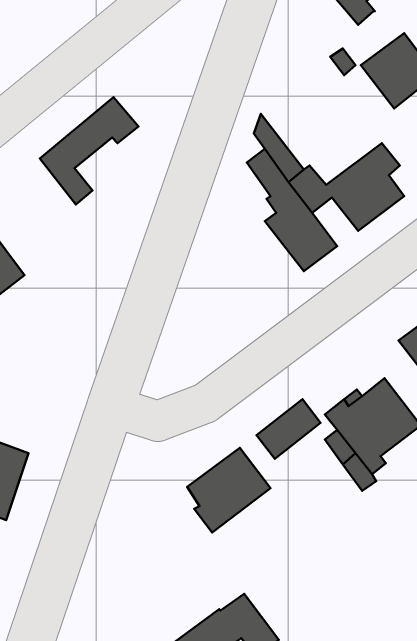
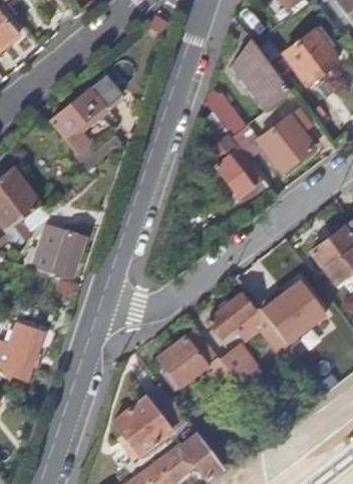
building: none -> [233,39,292,111]
building: none -> [32,226,84,276]
building: none -> [221,343,262,387]
building: none -> [114,386,189,456]

